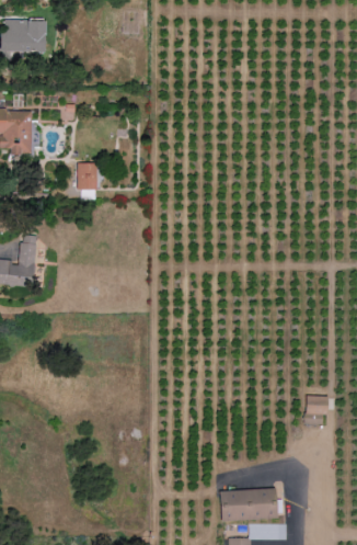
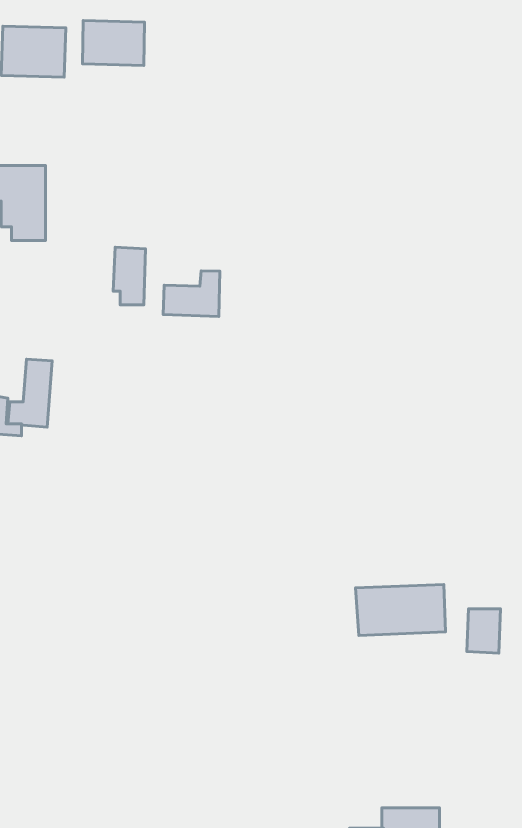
building: none -> [82,20,145,66]
building: none -> [163,271,220,316]
building: [218,488,276,521] -> [356,584,446,635]

